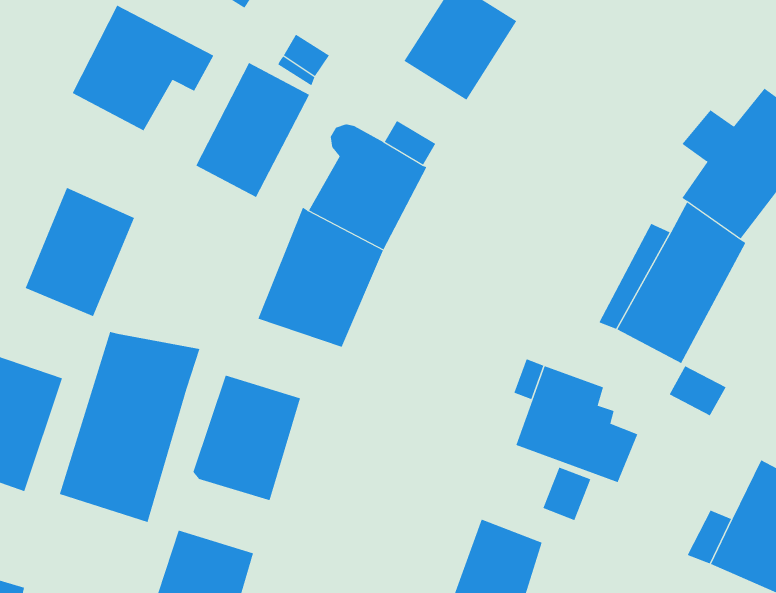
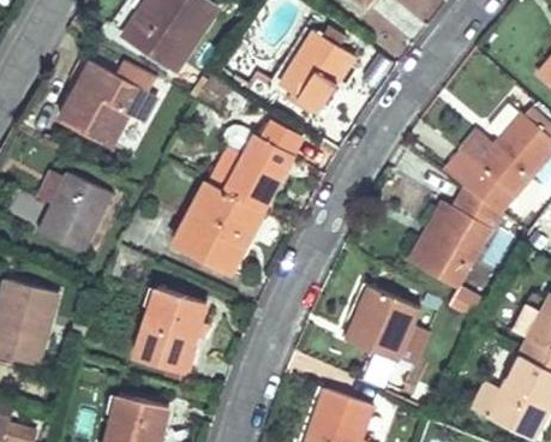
building: [195,62,310,198] -> none
building: [59,331,200,523] -> none

